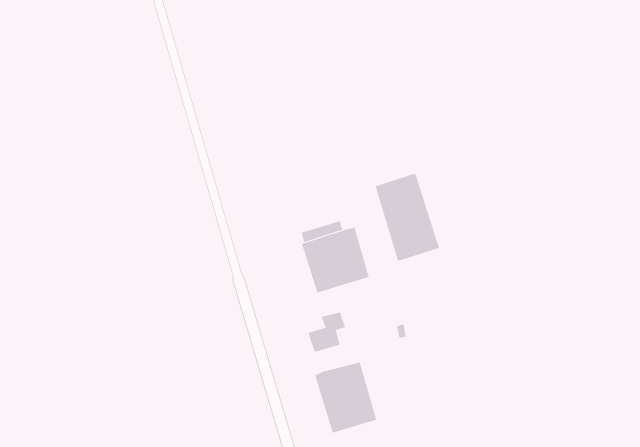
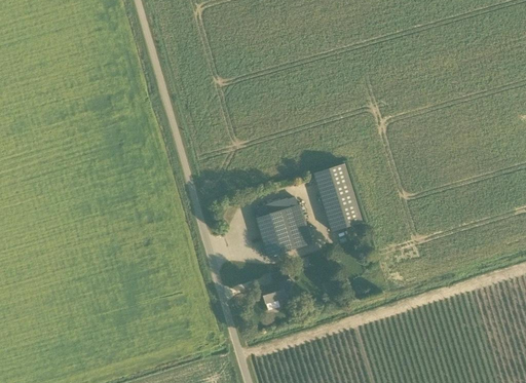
building: [314,361,377,433] -> none

